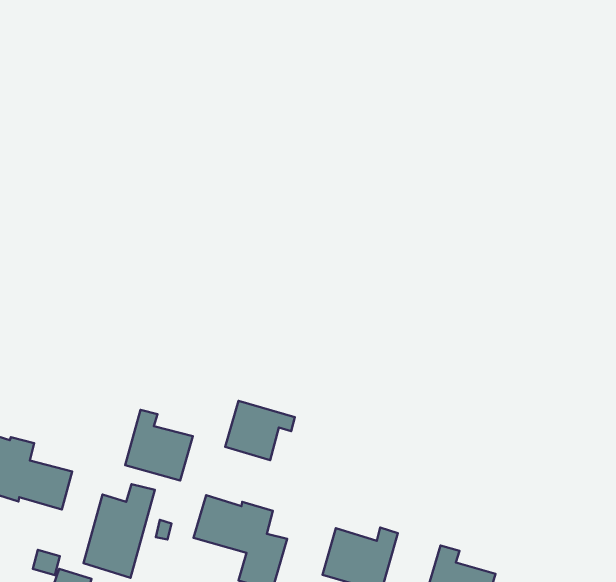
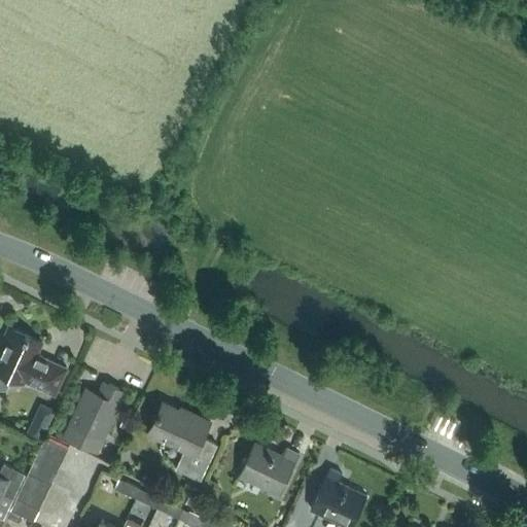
building: [225,401,295,460] -> none
building: [125,410,193,480] -> none

